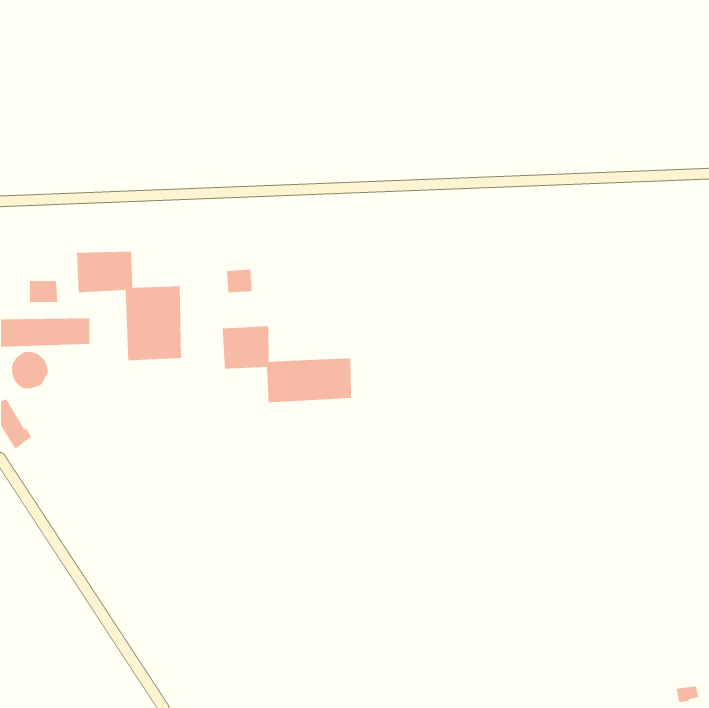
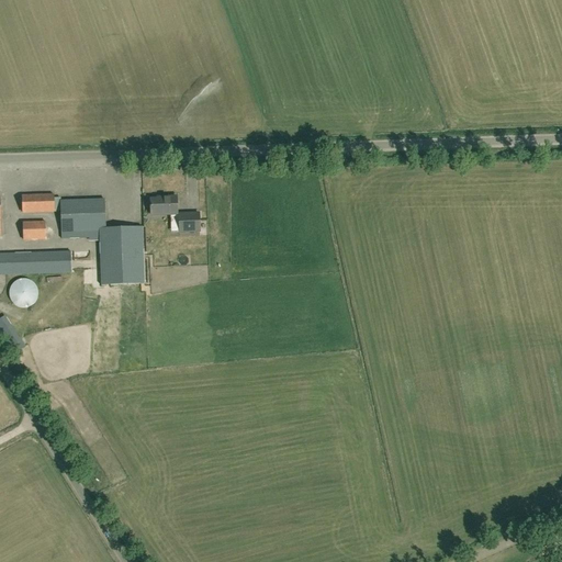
building: none -> [22,194,54,212]
building: none -> [150,196,177,214]
building: [222,325,352,403] -> none

